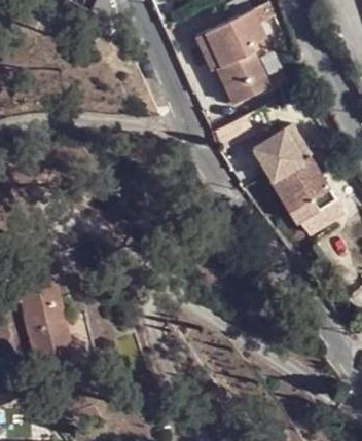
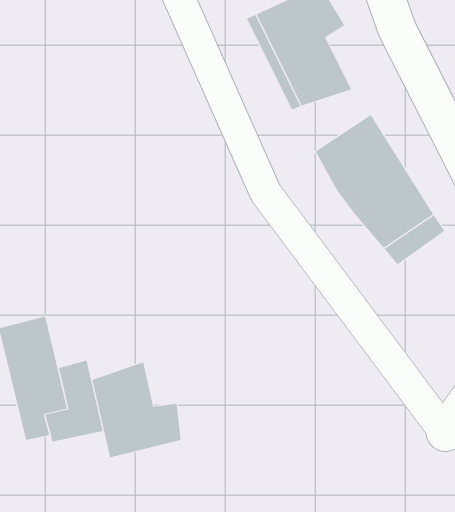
building: none -> [92,362,181,458]

